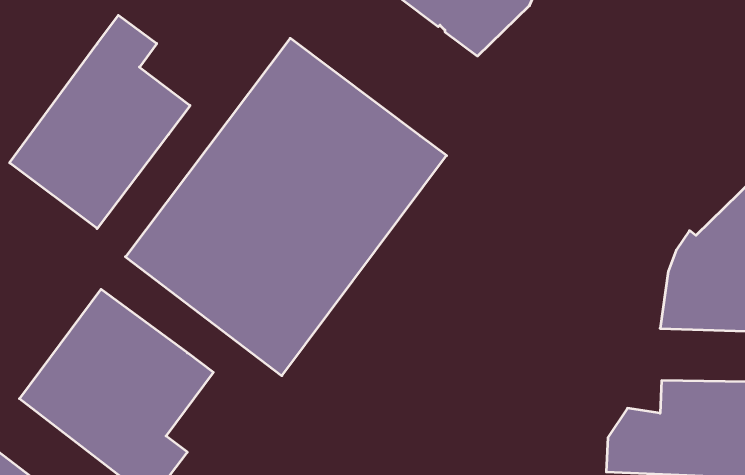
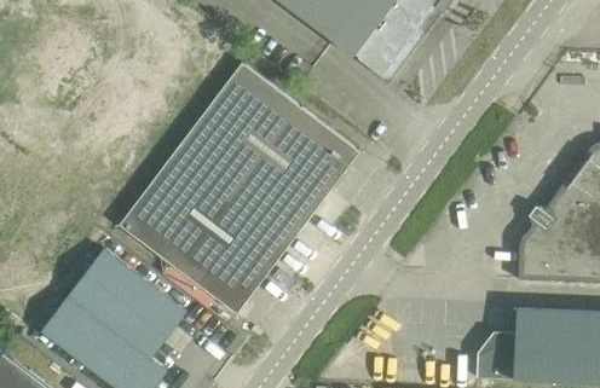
building: [10,15,190,229] -> none

